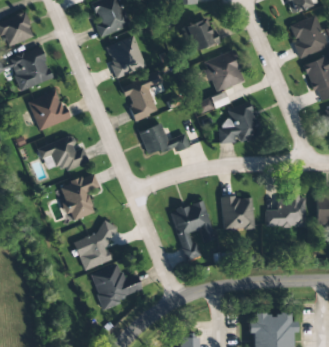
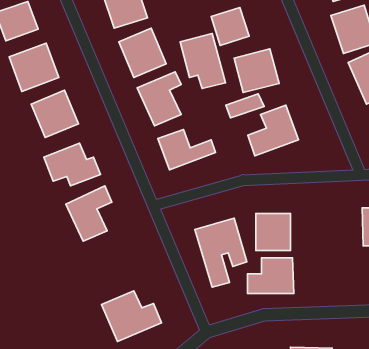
building: none -> [180,33,225,89]
building: [267,195,307,226] -> [248,258,294,293]
building: [74,225,117,269] -> none

